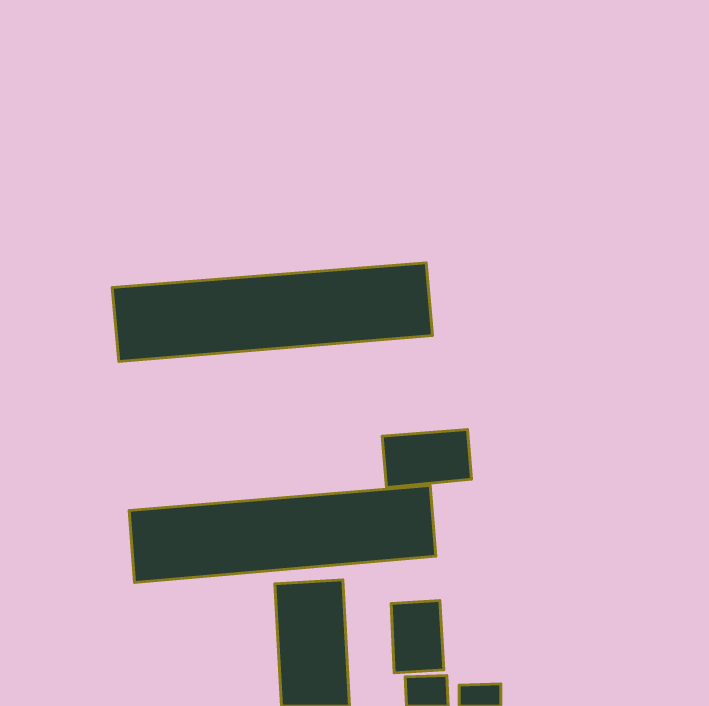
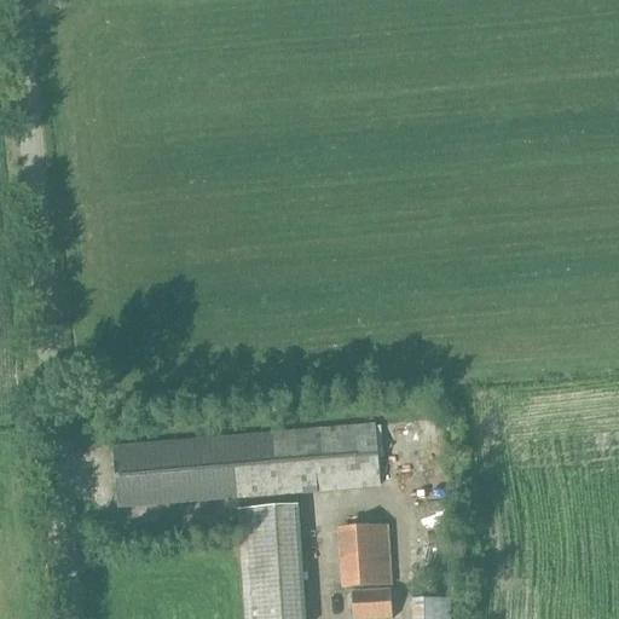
building: [112,263,433,361] -> none
building: [382,429,471,487] -> none

